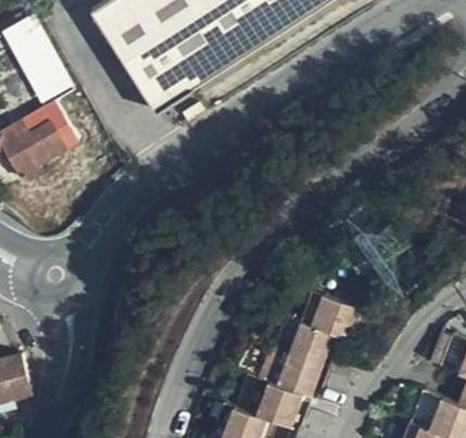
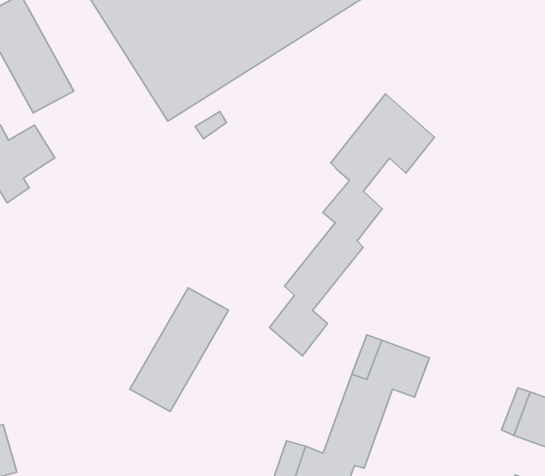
building: none -> [270,94,435,356]
building: none -> [130,288,228,412]

